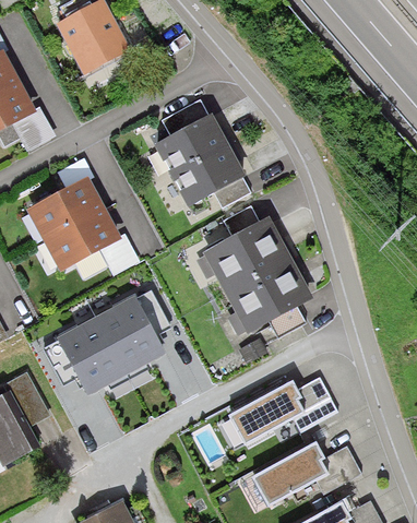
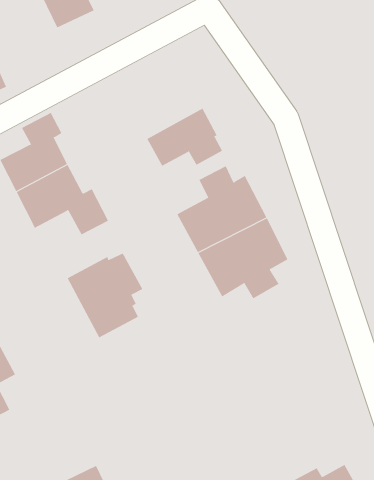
building: [154,98,229,179] -> none
building: [45,317,127,396] -> none
building: [230,377,336,443] -> none
building: [253,445,361,507] -> none

